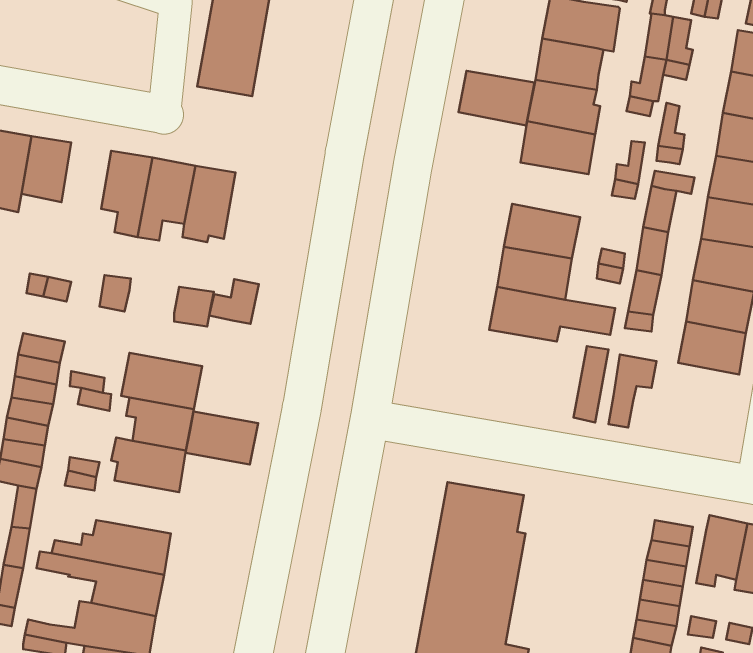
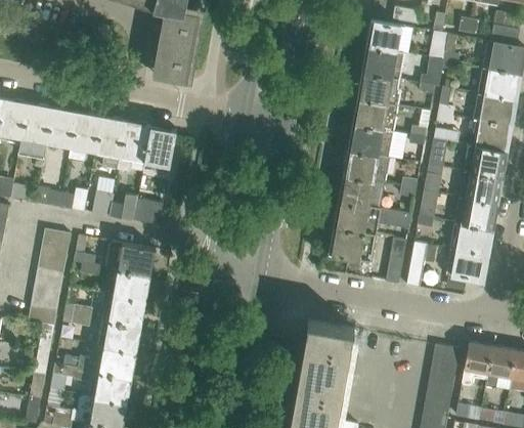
building: [458,71,535,126] -> [348,123,395,157]
building: none -> [68,111,100,161]
building: [209,279,259,324] -> [108,192,139,220]
building: none -> [329,226,376,261]
building: none -> [446,247,488,282]
building: [185,412,258,464] -> [97,319,142,352]

